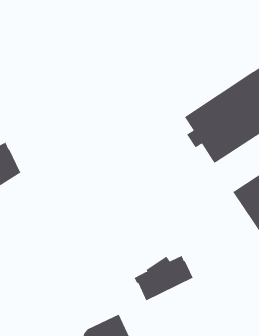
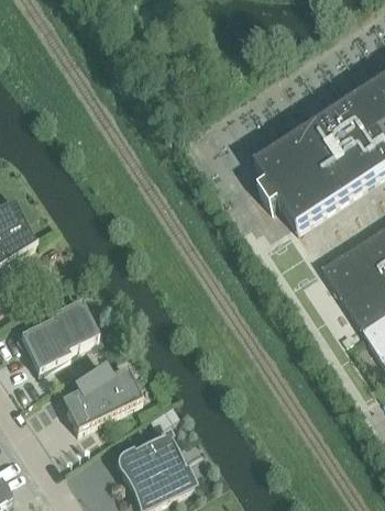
building: none -> [21,298,99,368]
building: [134,255,194,301] -> [62,365,143,427]

